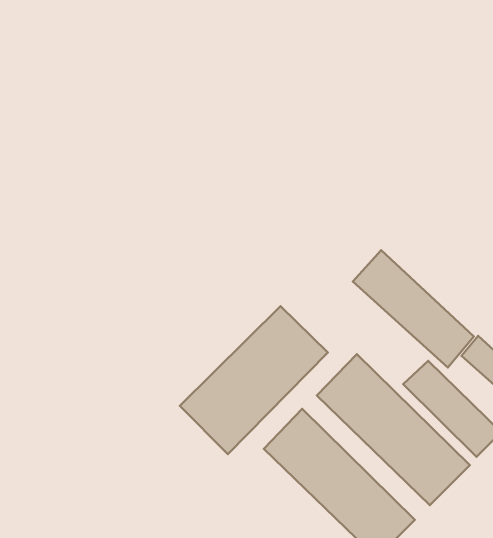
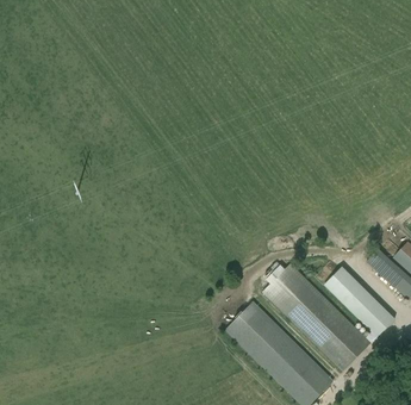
building: [353,250,474,367] -> none
building: [180,306,328,454] -> none

